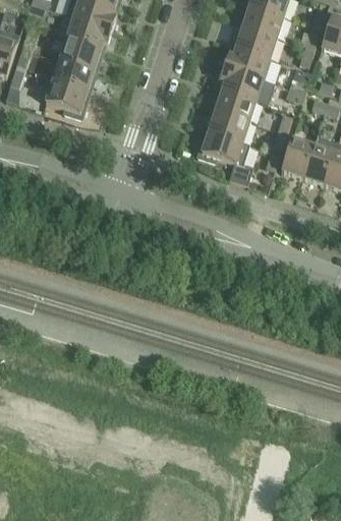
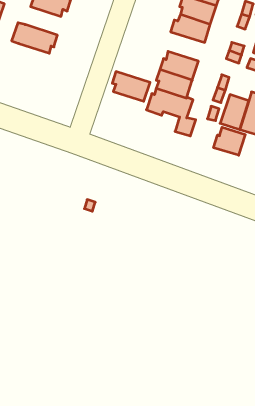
building: [60,37,101,69] -> none
building: [221,65,264,99] -> [112,72,150,101]
building: [46,78,88,116] -> none
building: none -> [214,127,245,155]

